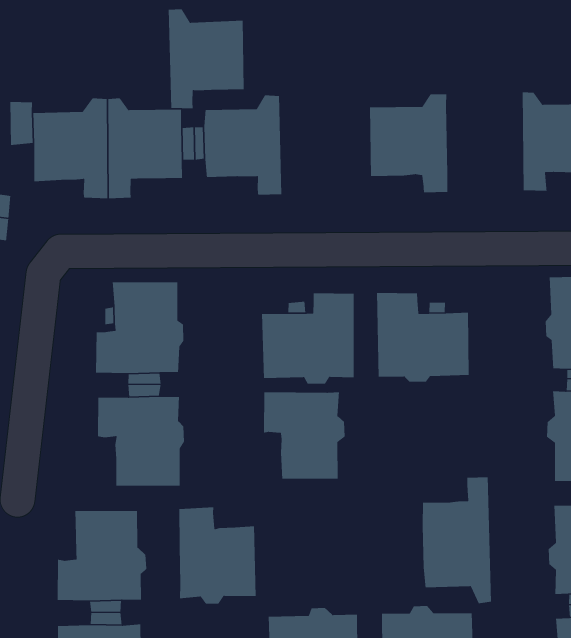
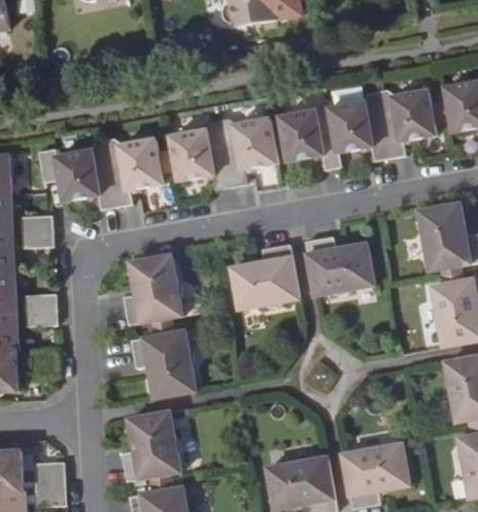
building: [168,8,245,109] -> [218,116,278,184]
building: none -> [331,89,390,159]
building: [263,392,346,480] -> none
building: [422,477,492,604] -> none
building: [178,506,257,605] -> none

